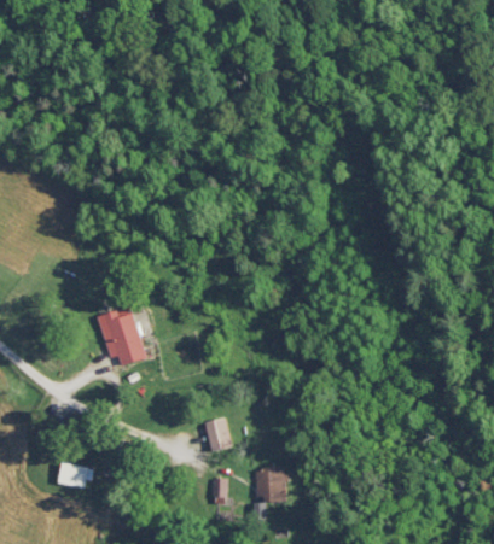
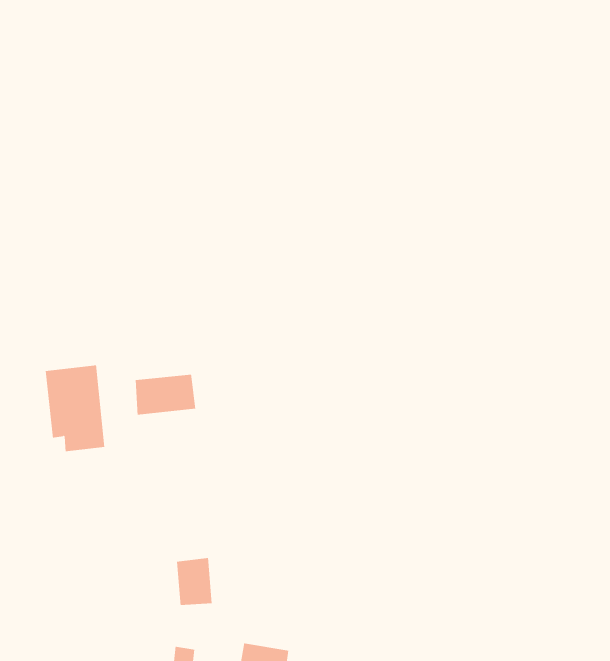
building: none -> [135,374,196,415]

